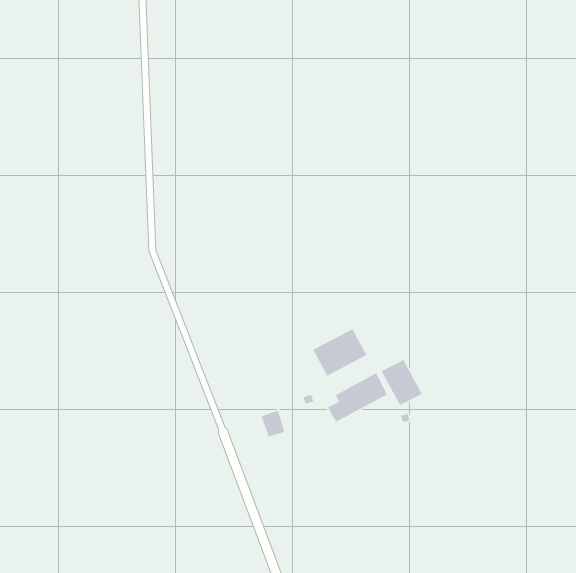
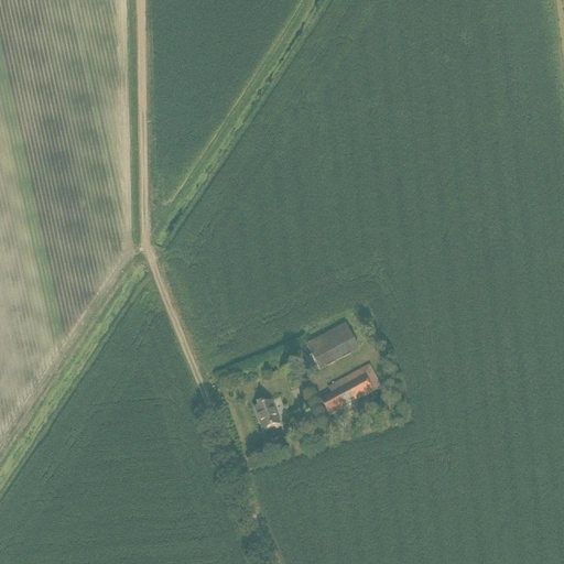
building: [381,359,423,406] -> none

